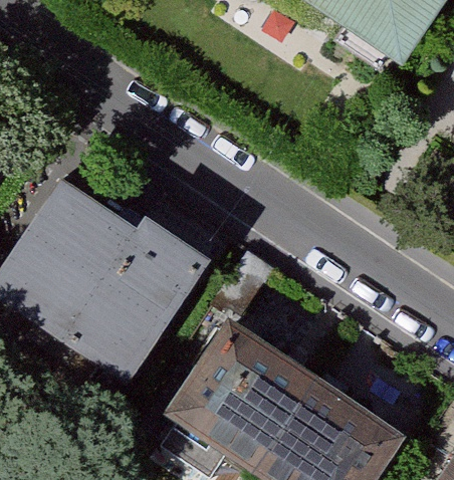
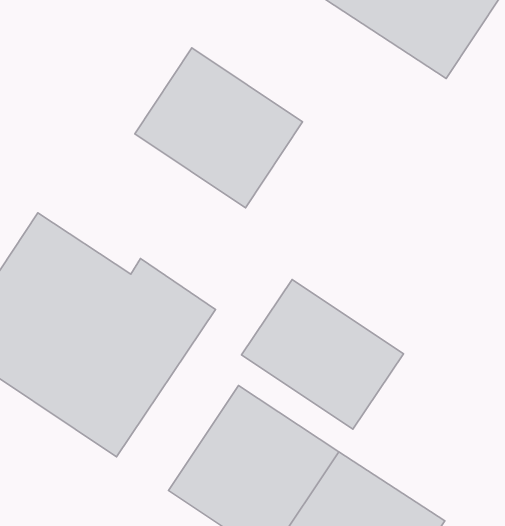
building: none -> [135,48,303,208]
building: none -> [241,279,404,429]

